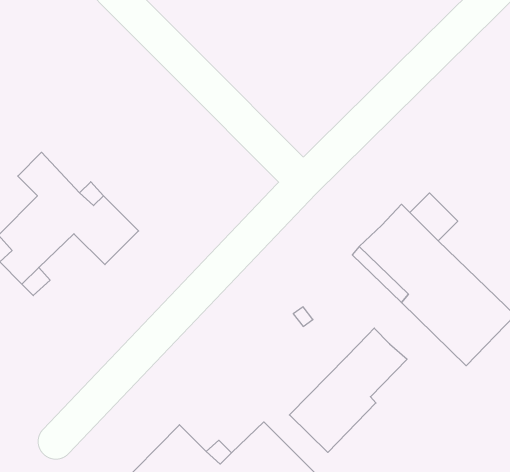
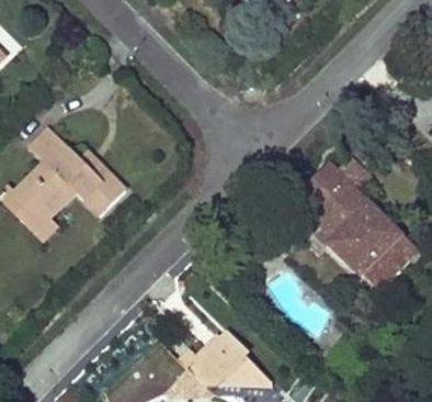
building: [289,328,407,452] -> none

